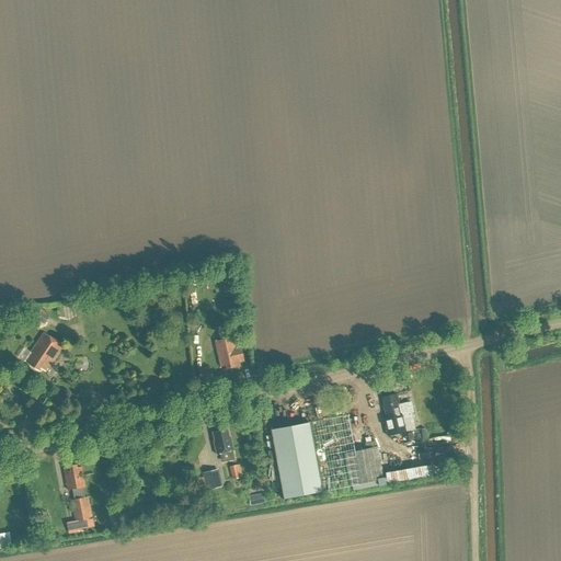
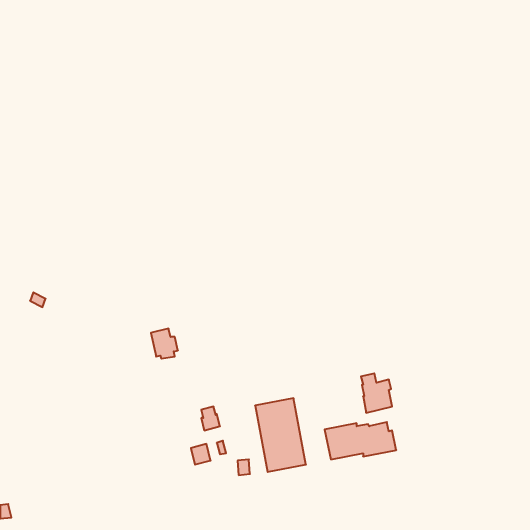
building: [24,333,62,371] -> none
building: [215,337,243,369] -> [151,329,178,359]
building: [64,465,90,530] -> none

